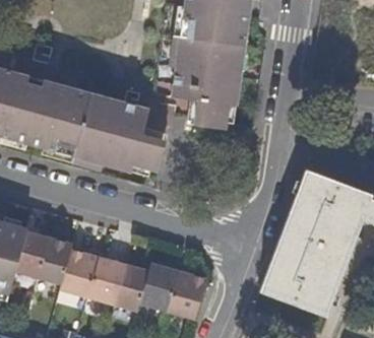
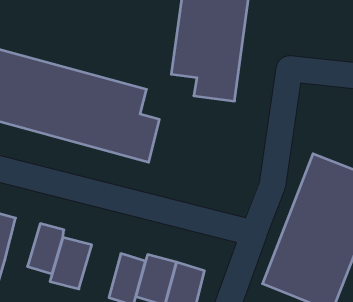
building: [15,230,49,276] -> none
building: [85,256,125,306] -> none

